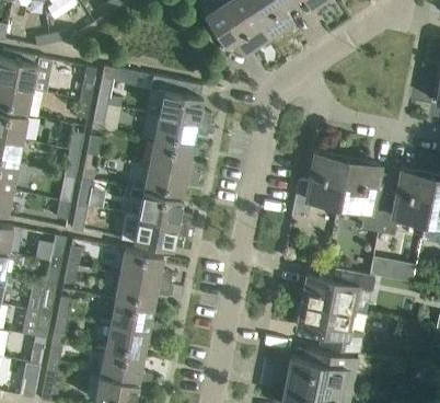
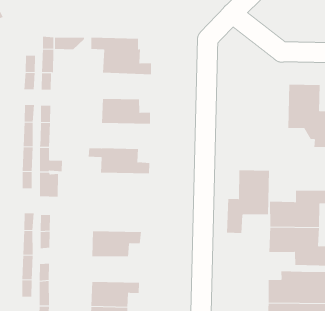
building: [154,115,209,149] -> none
building: [291,153,347,219] -> [226,170,270,233]
building: [144,166,199,199] -> none
building: [121,215,189,250] -> none
building: [120,250,173,285] -> none
building: [111,301,162,336] -> none

